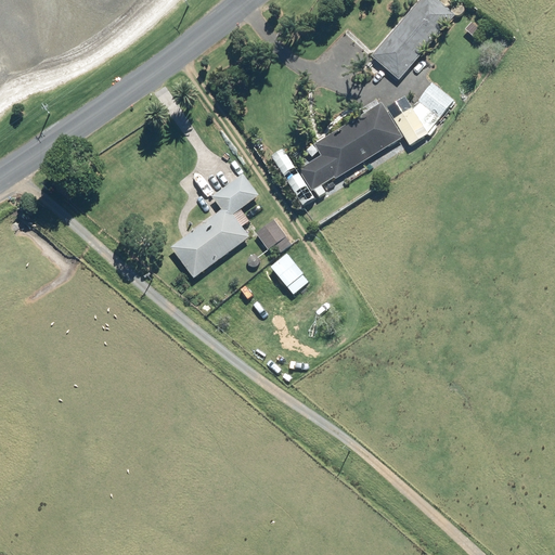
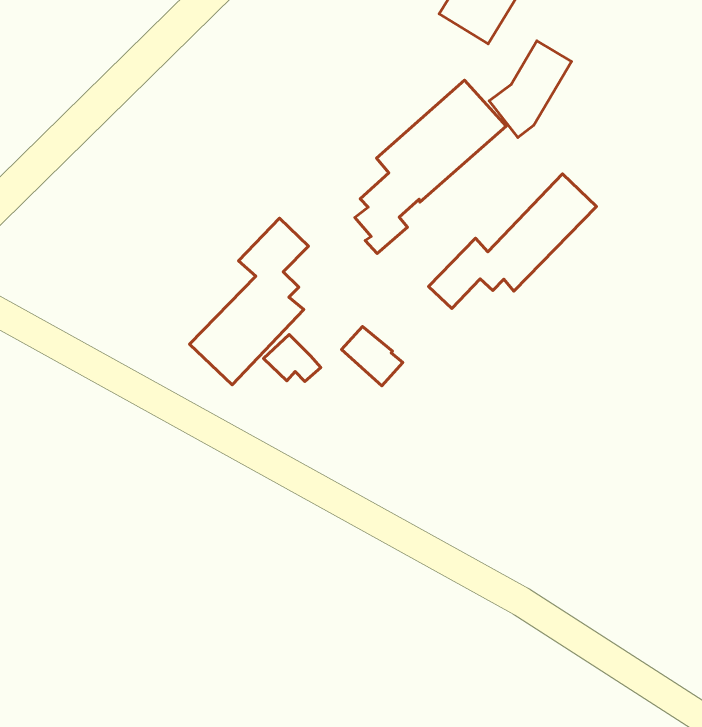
building: none -> [429,174,596,309]
building: [255,220,292,253] -> [263,335,321,381]

